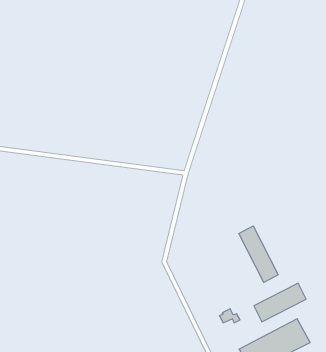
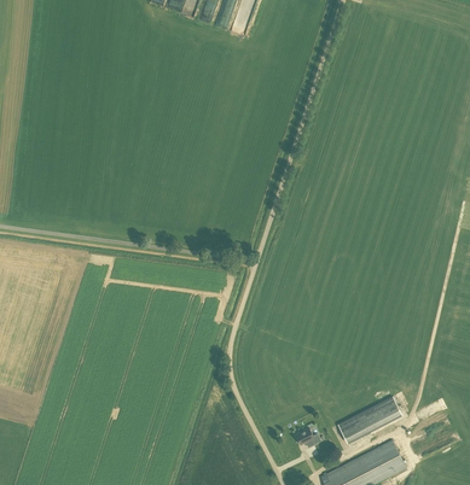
building: [239,226,278,282] -> none

